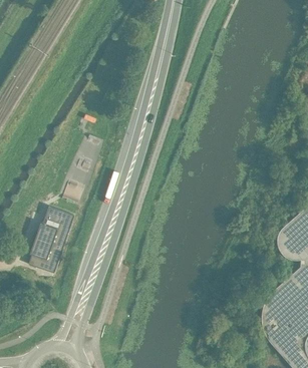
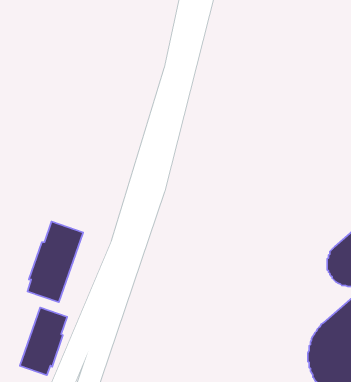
building: none -> [20,307,67,375]

